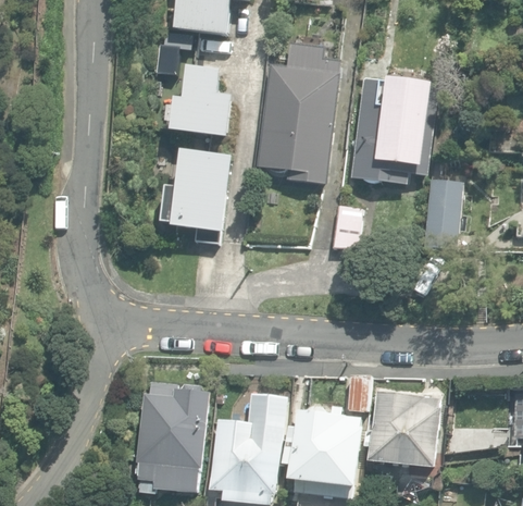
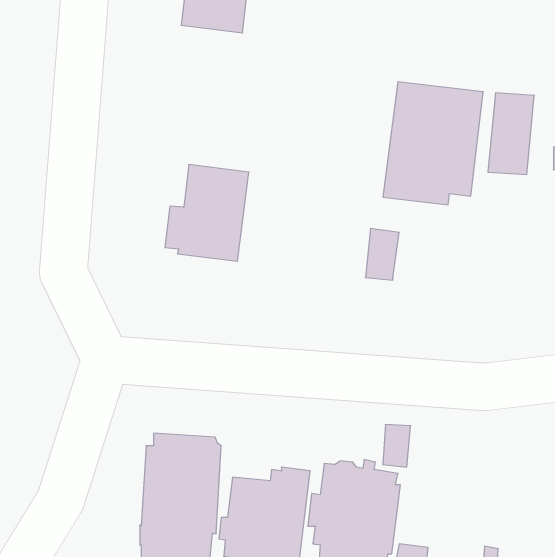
building: [256,40,339,184] -> none
building: [170,67,231,137] -> none
building: [421,177,461,248] -> [488,93,534,175]
building: [364,390,444,468] -> none

